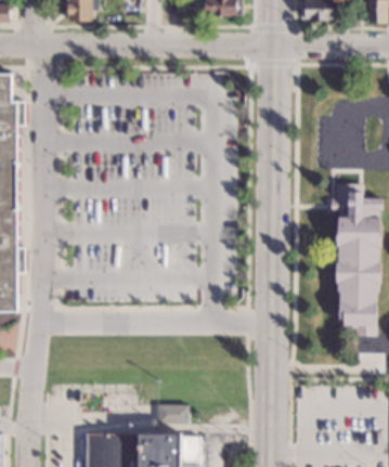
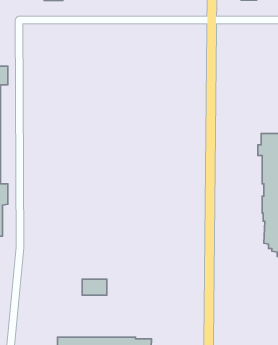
building: [157,405,187,425] -> [82,279,107,295]

